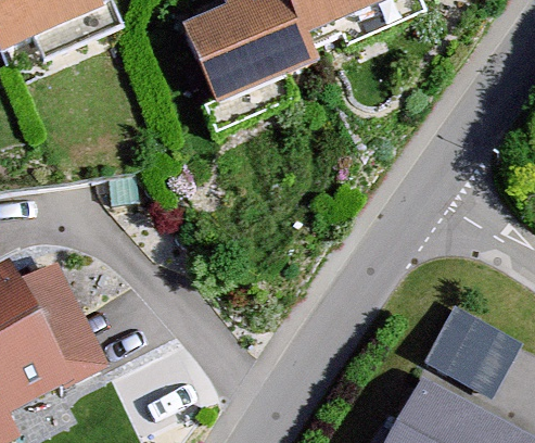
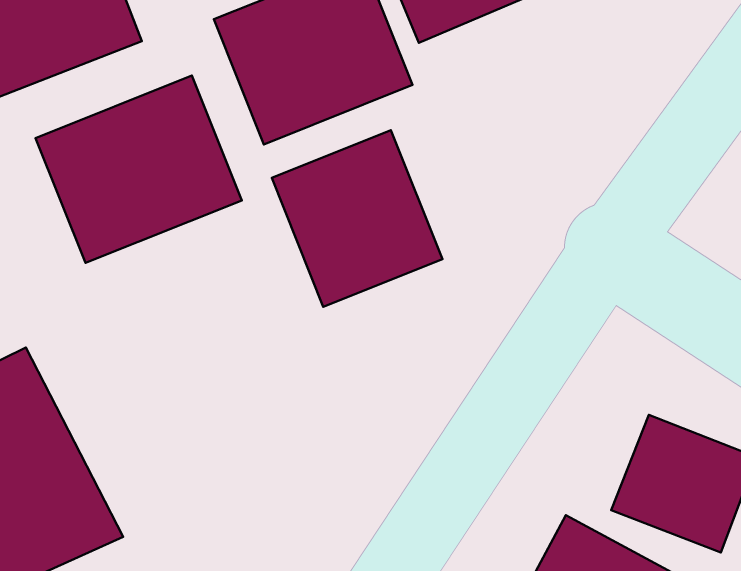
building: none -> [36,76,242,263]
building: none -> [272,130,443,307]

